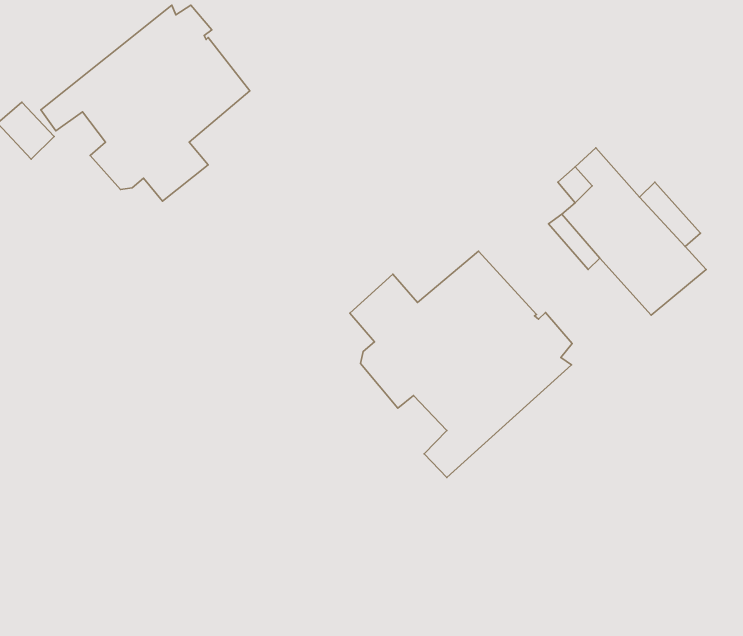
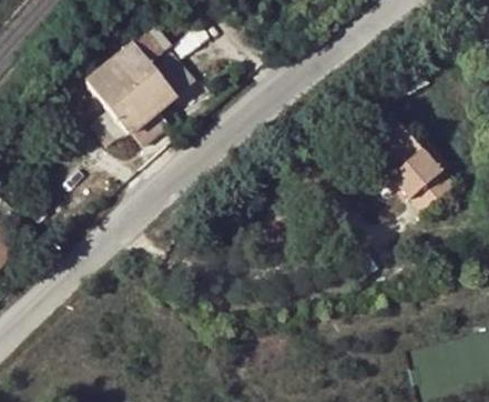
building: [350,251,572,478] -> none

